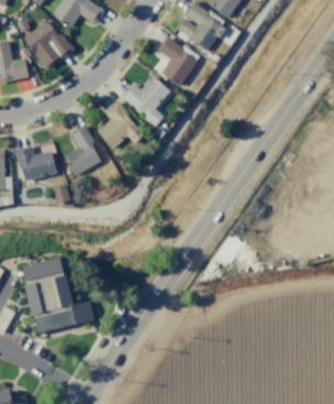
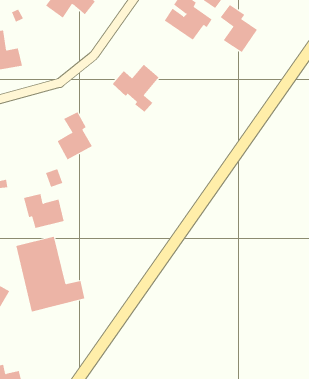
building: [23,20,75,69] -> none
building: [157,35,197,86] -> [220,4,258,53]
building: [98,100,144,148] -> none
building: [13,144,56,181] -> [23,194,64,229]

